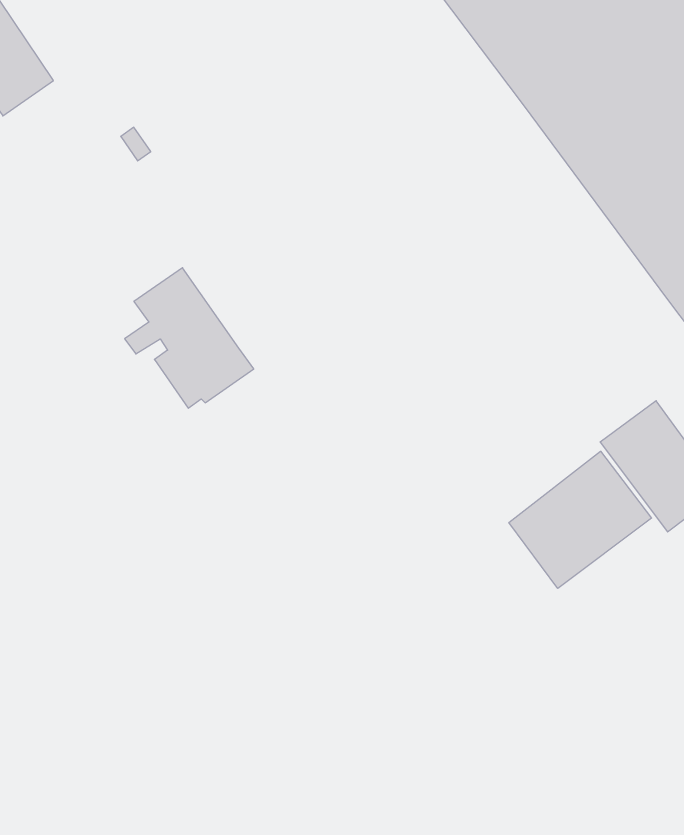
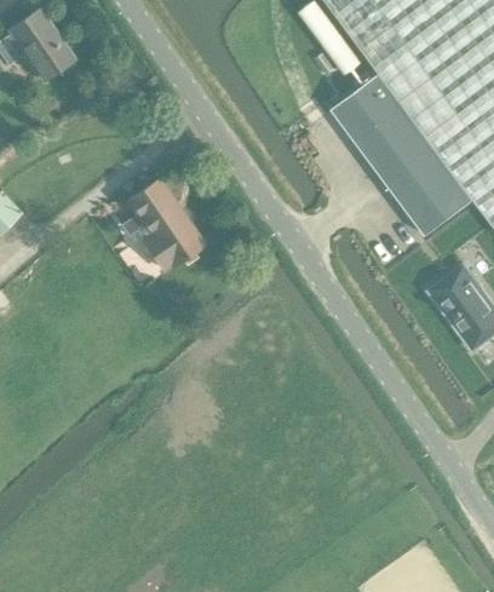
building: none -> [332,74,472,235]
building: [509,451,652,588] -> none

